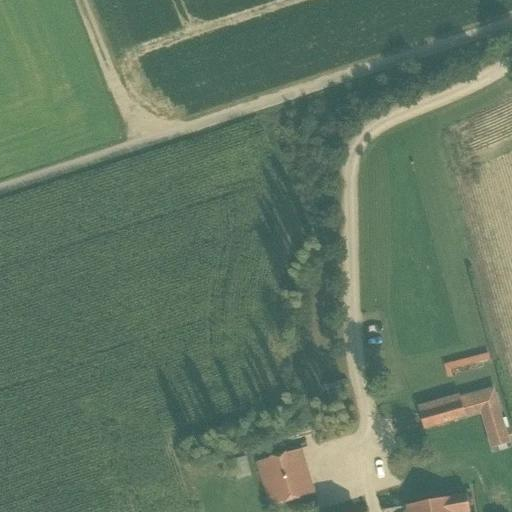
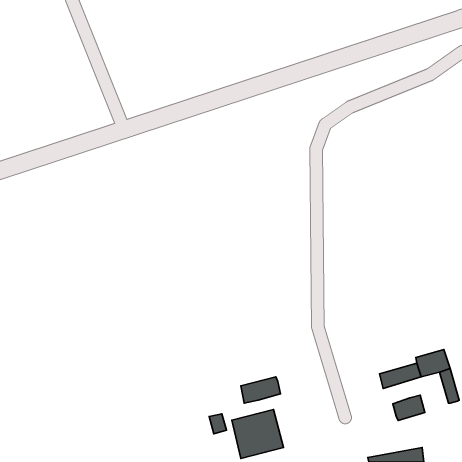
building: none -> [241,377,280,403]
building: none -> [393,395,425,421]

